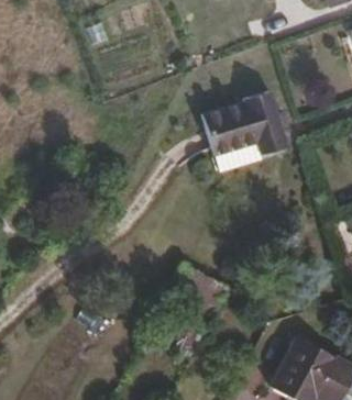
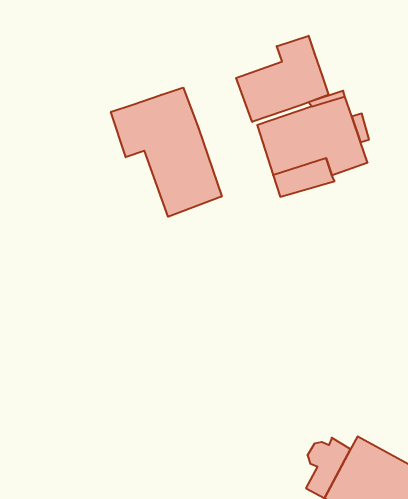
building: none -> [236,36,328,122]
building: none -> [111,88,222,217]

